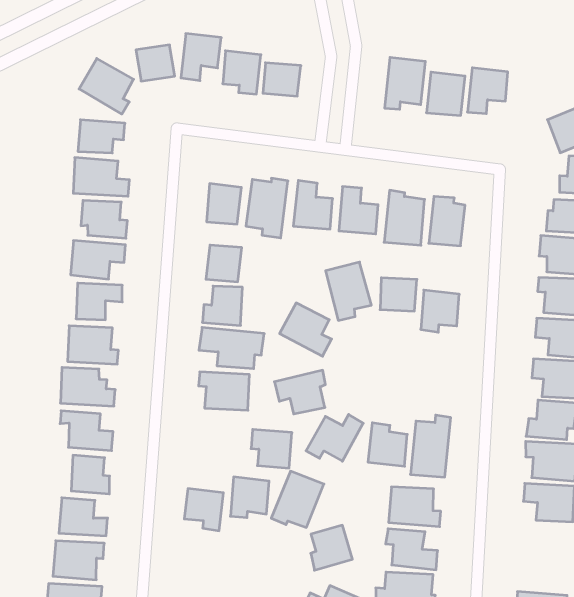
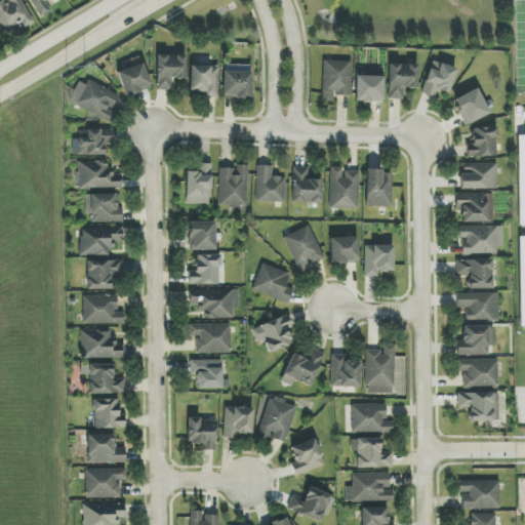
building: none -> [421,59,456,96]
building: [251,429,292,468] -> [190,359,221,388]

